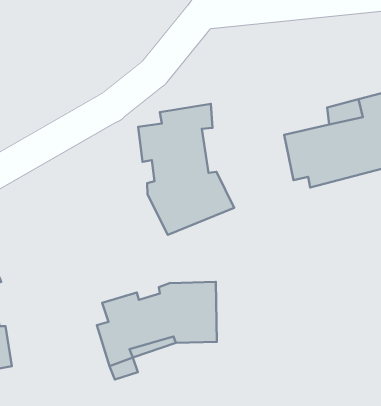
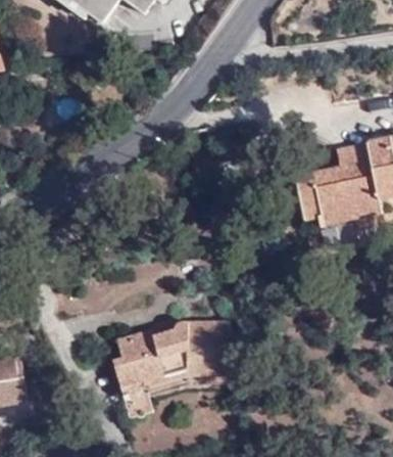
building: [138,104,234,235] -> none

